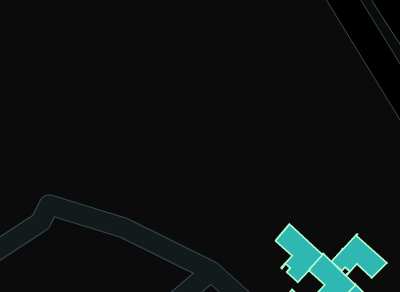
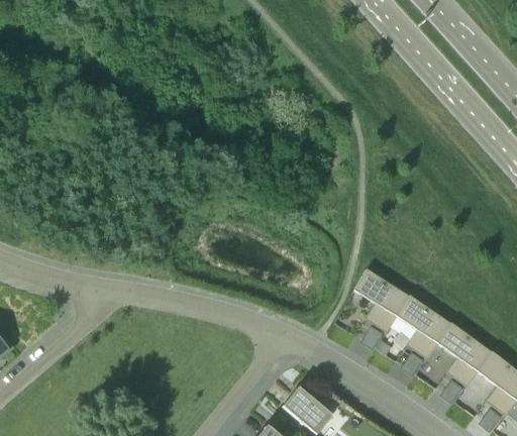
building: [332,234,387,278] -> none

